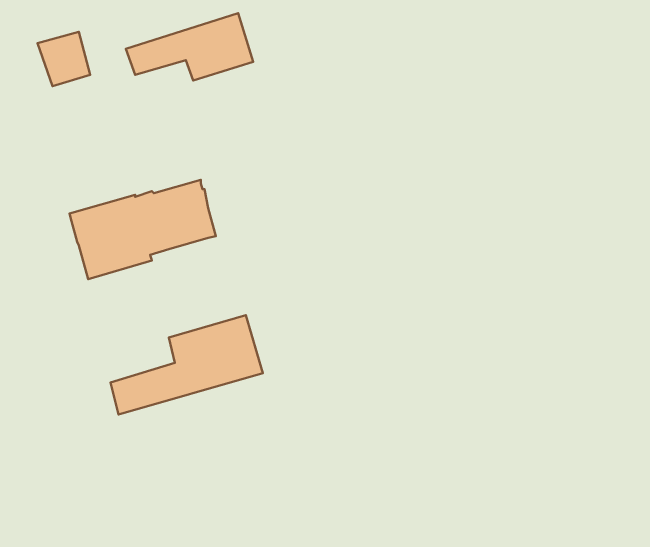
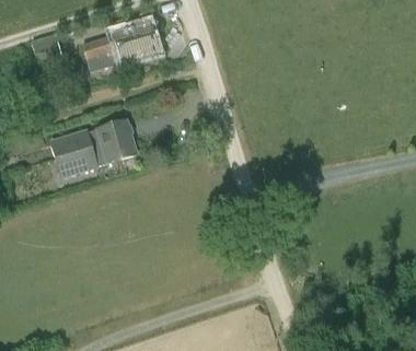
building: [111,315,263,415] -> none

